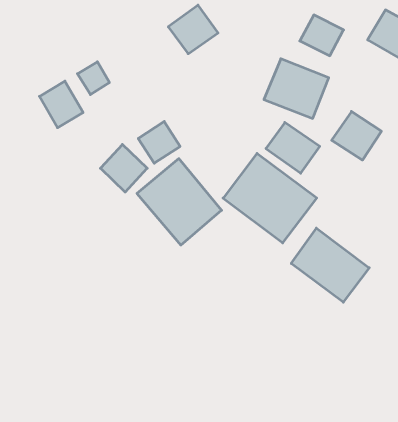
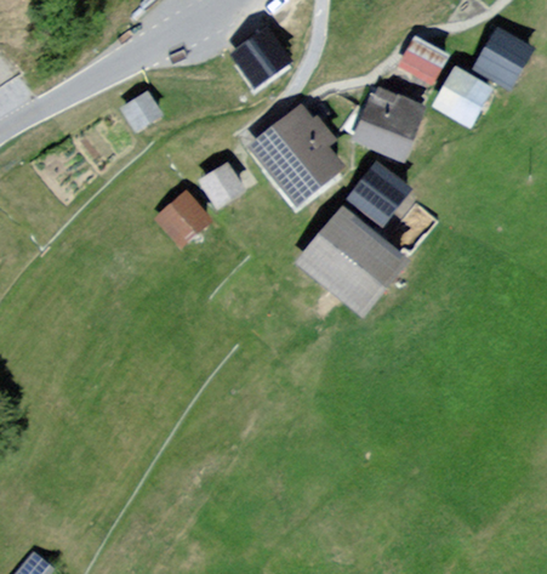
building: [39,81,83,128] -> none
building: [332,111,381,160] -> [431,67,491,126]
building: [137,159,222,245] -> [249,107,352,212]
building: [291,228,369,302] -> none

